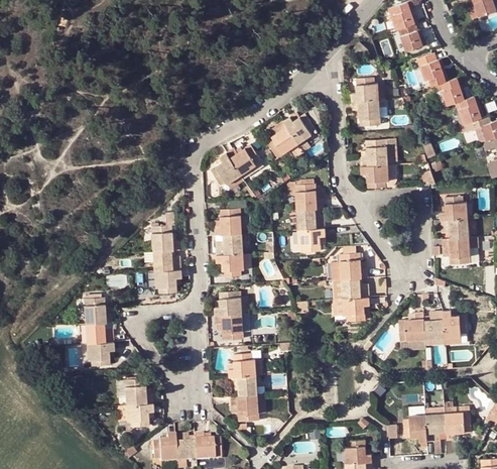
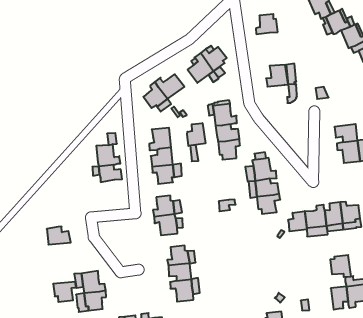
building: [352,101,380,126] -> none
building: [362,165,388,189] -> none
building: [440,197,467,220] -> none
building: none -> [187,123,205,146]
building: [153,269,180,294] -> none
building: [83,299,111,325] -> none
building: none -> [288,211,307,231]
building: [86,343,113,366] -> [53,282,76,302]
building: [403,416,427,442] -> [330,255,351,277]

